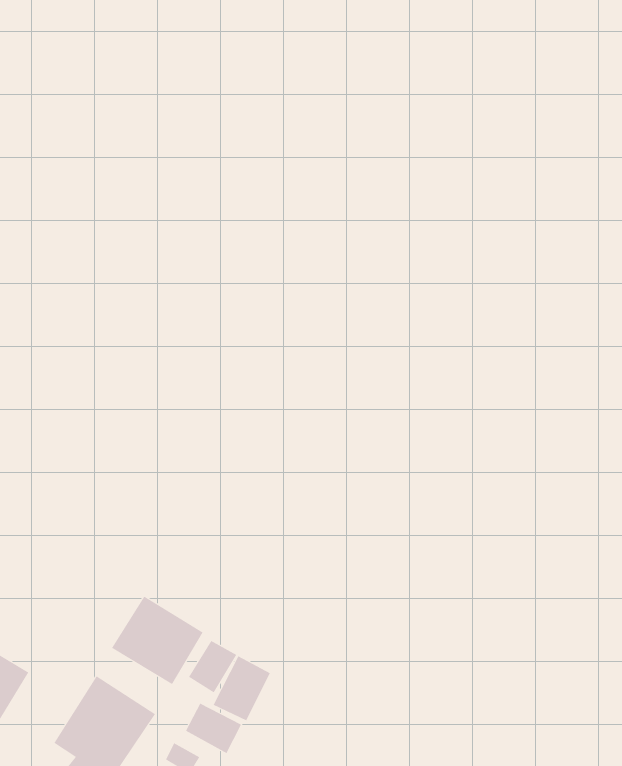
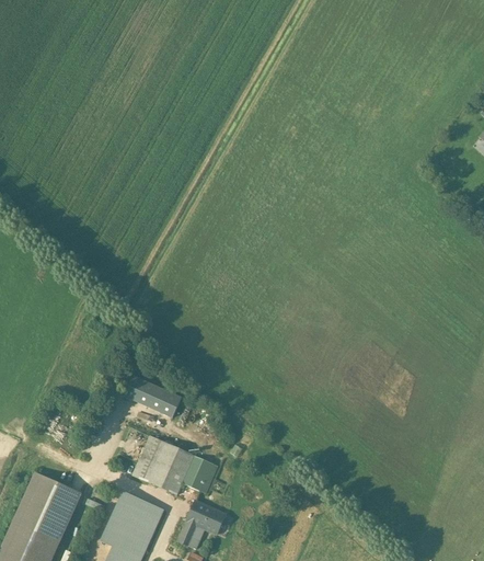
building: none -> [118,377,180,420]
building: [213,655,270,721] -> none

